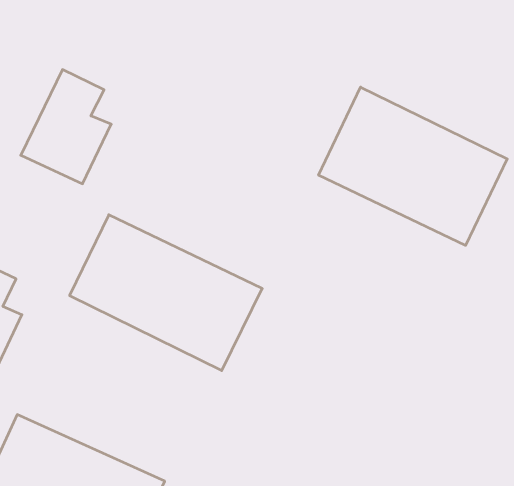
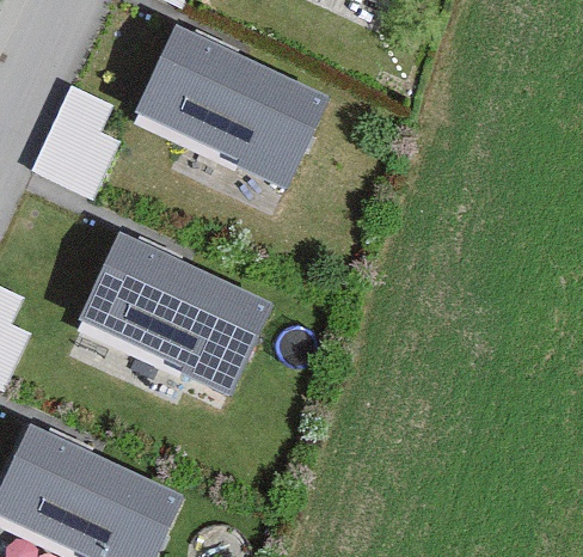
building: none -> [134,23,331,183]
building: [319,87,507,245] -> none

